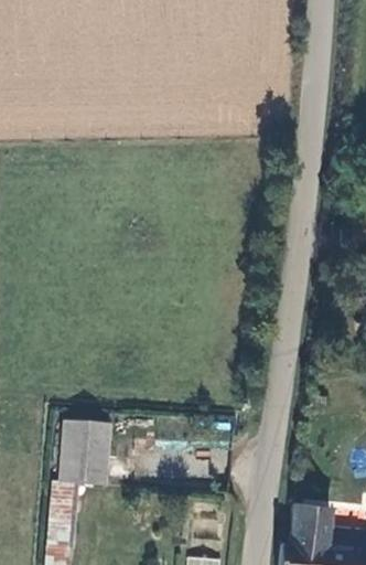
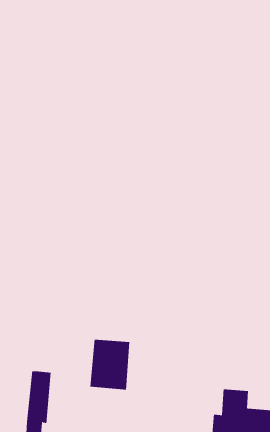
building: [57,419,109,484] -> [90,339,130,390]

